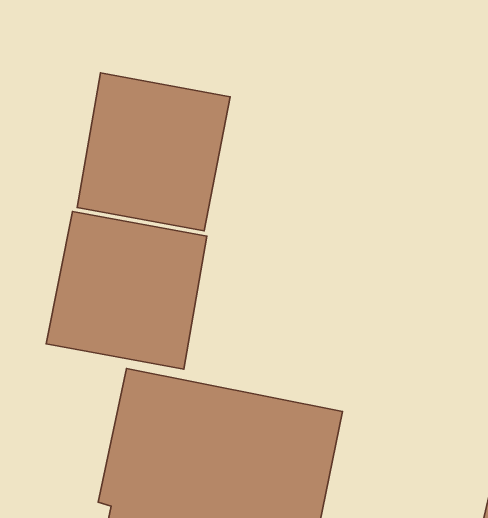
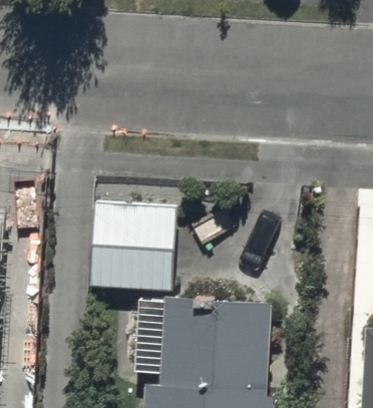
building: [77,73,230,231] -> none

